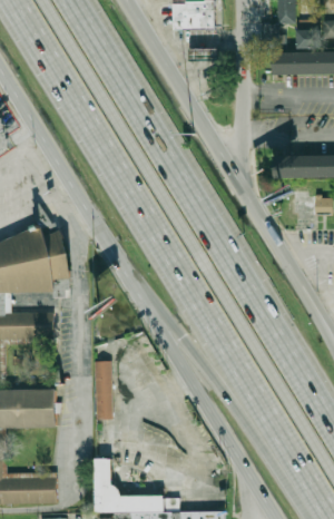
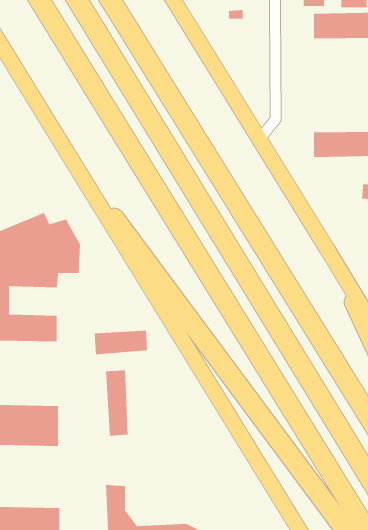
building: none -> [94,330,148,355]

